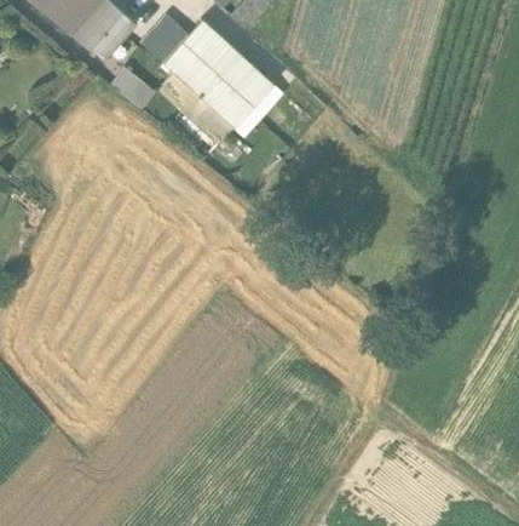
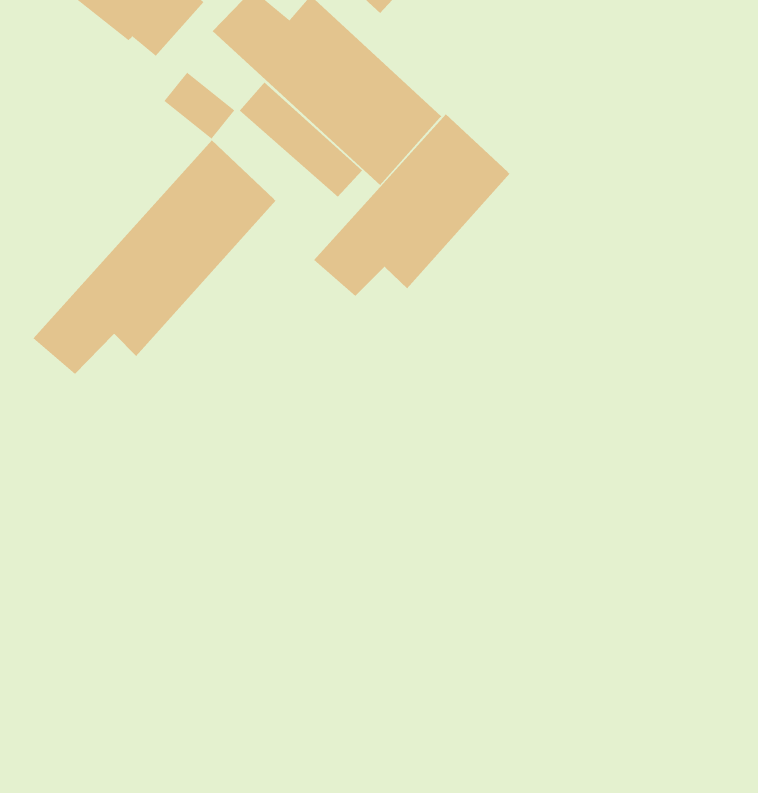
building: none -> [313,113,510,297]
building: none -> [32,140,277,375]

